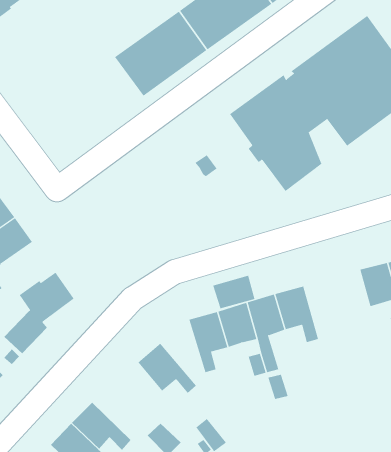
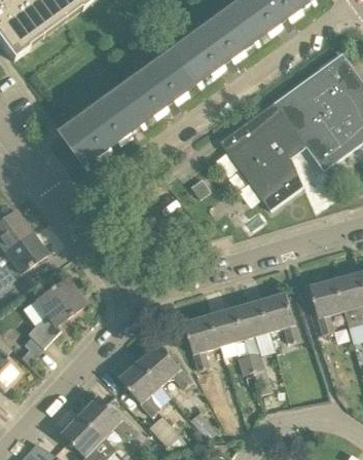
building: none -> [61,89,143,166]
building: none -> [308,277,343,332]
building: [213,275,255,309] -> none
building: none -> [118,359,159,415]

